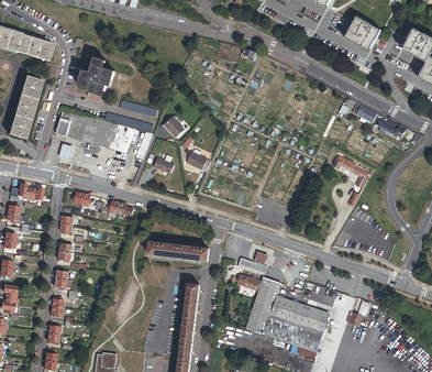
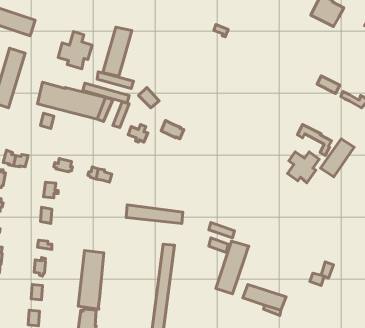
building: none -> [103,27,132,76]
building: none -> [320,139,354,177]
building: none -> [288,152,319,183]
building: none -> [78,250,104,309]
building: [262,296,326,339] -> none

